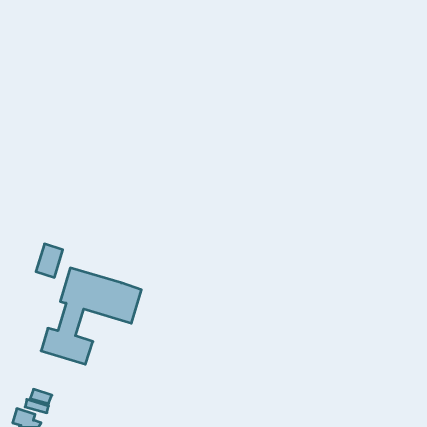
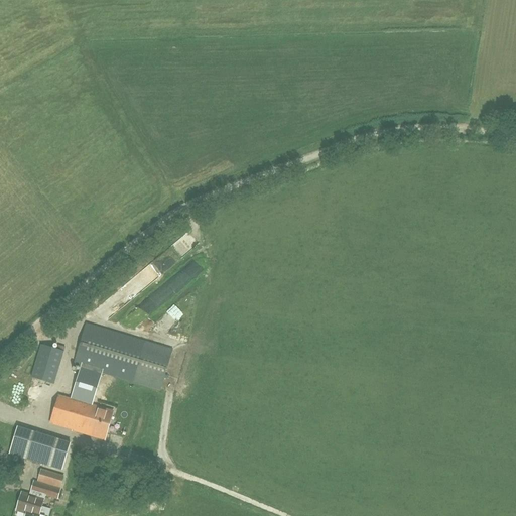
building: [36,244,63,277] -> [30,344,62,384]
building: none -> [7,425,69,470]

